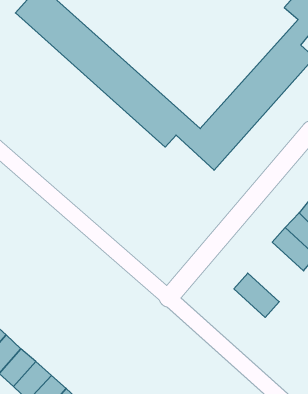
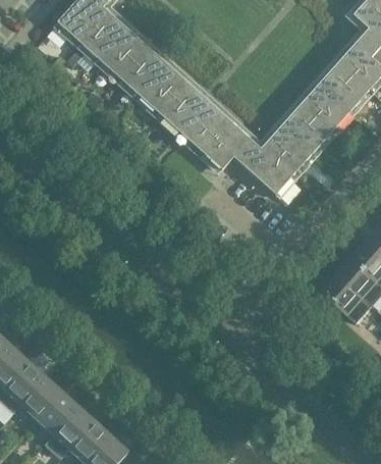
building: [234,273,279,317] -> [325,274,375,323]

